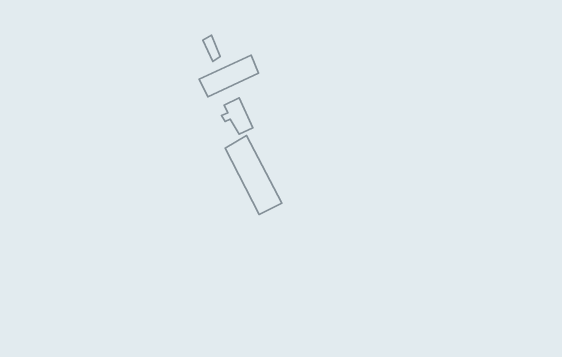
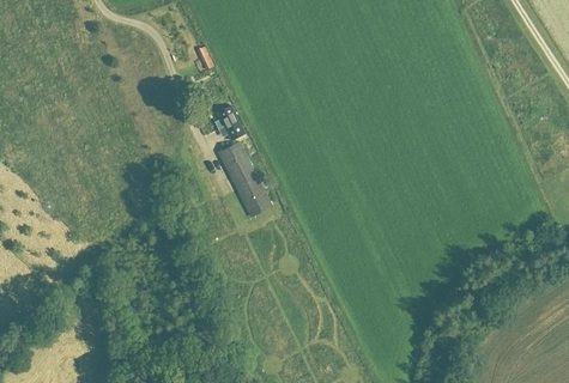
building: [199,55,258,97] -> none

